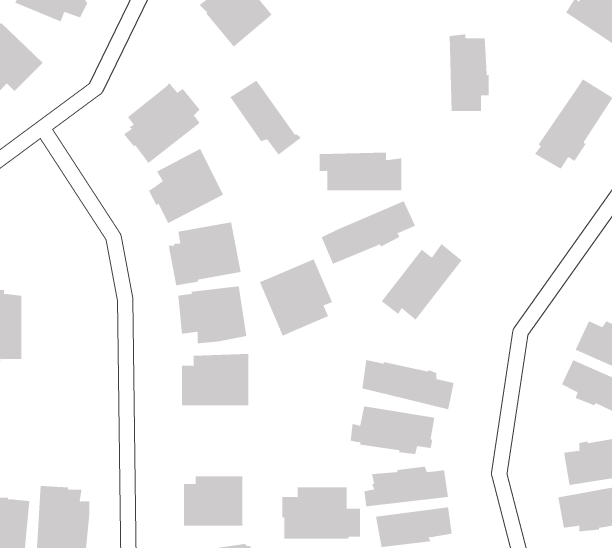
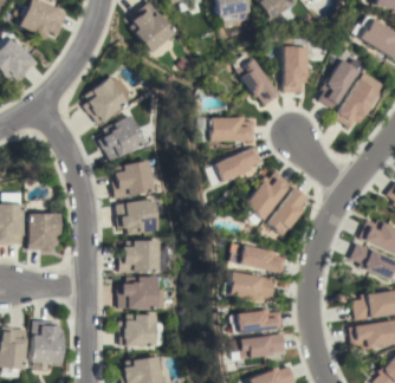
building: none -> [319,58,357,109]
building: [230,80,301,155] -> [235,59,279,105]
building: [259,258,333,336] -> none
building: none -> [268,187,309,235]
building: none -> [28,213,59,251]
building: [281,487,361,539] -> [118,277,167,309]

